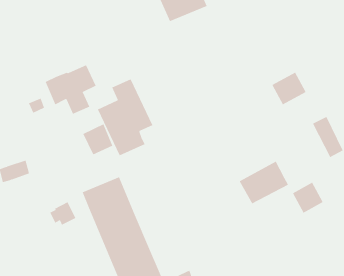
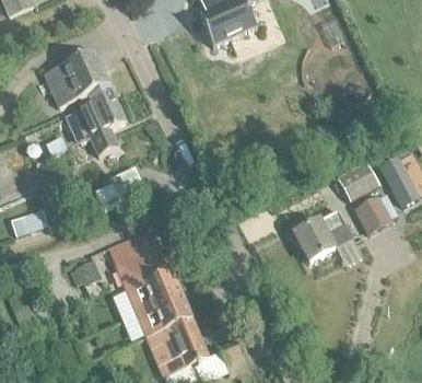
building: none -> [44,49,114,106]
building: [271,72,307,105] -> [337,161,378,200]
building: [97,79,153,156] -> none
building: [292,182,324,213] -> [354,196,391,233]

